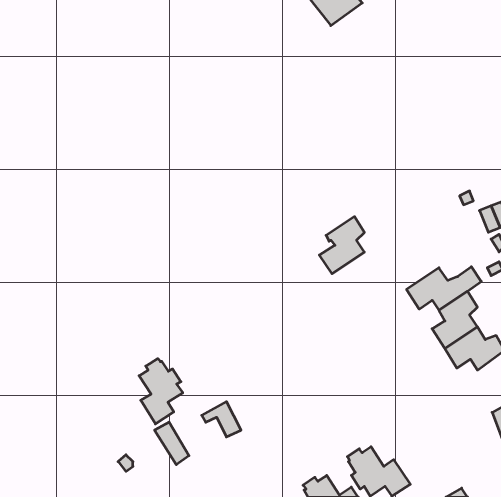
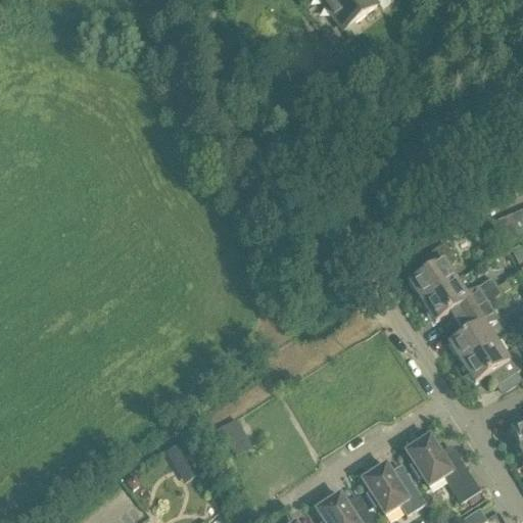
building: [319,217,364,274] -> [411,241,458,300]
building: [139,359,183,424] -> none
building: none -> [407,435,482,503]

